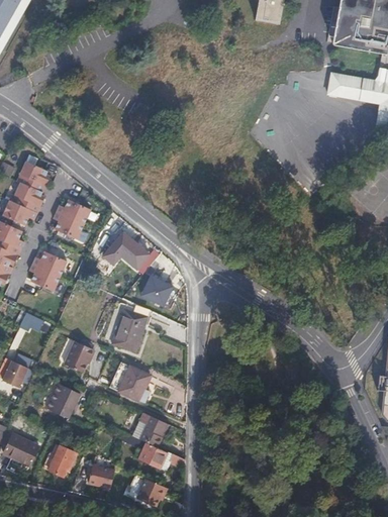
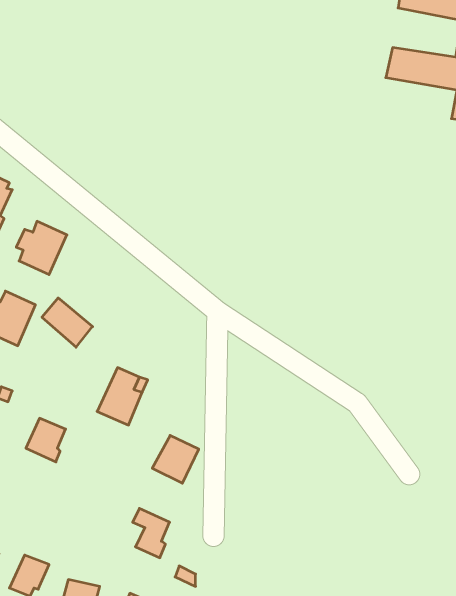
building: [111,232,149,269] -> [42,298,93,347]
building: [140,276,173,305] -> none
building: [110,361,144,397] -> [152,435,199,483]
building: [47,383,80,417] -> none
building: [139,442,167,468] -> none

